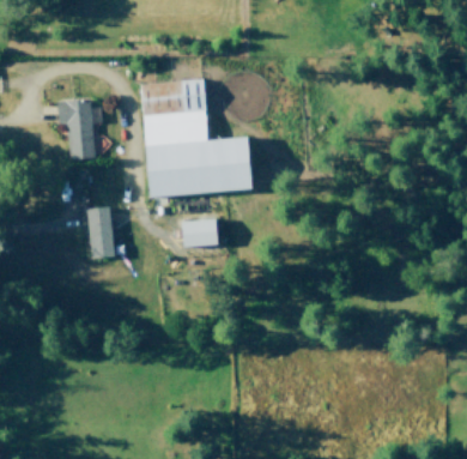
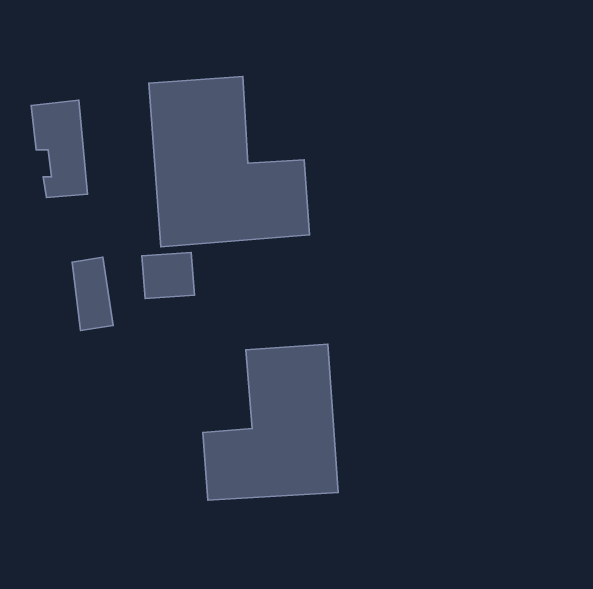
building: [182,217,219,249] -> [142,252,195,299]
building: none -> [203,344,338,500]

